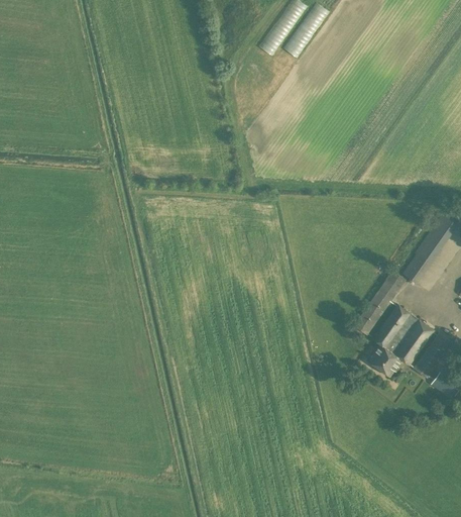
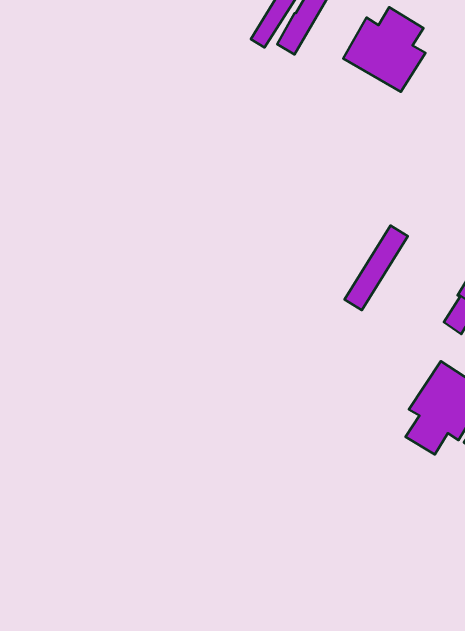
building: none -> [343,7,426,92]
building: [353,271,406,335] -> [345,226,408,310]

